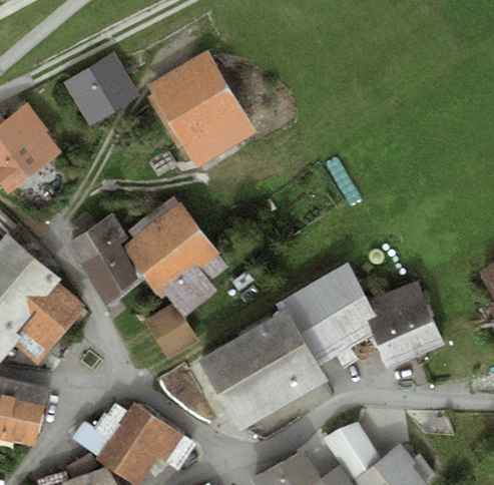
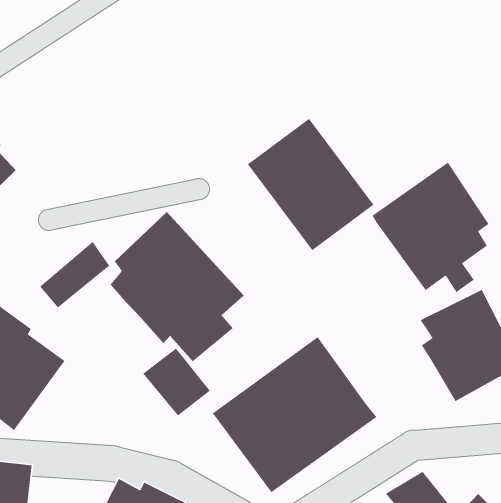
building: [64,50,138,121] -> none
building: [152,59,251,165] -> [247,118,374,251]
building: [80,234,139,307] -> none
building: [282,264,375,369] -> [372,162,490,293]

